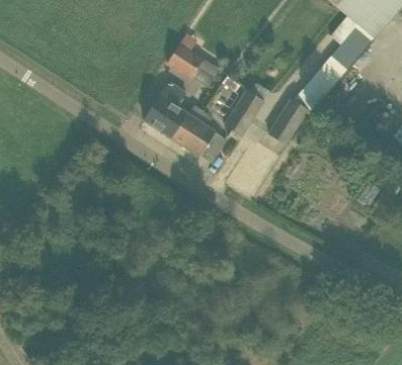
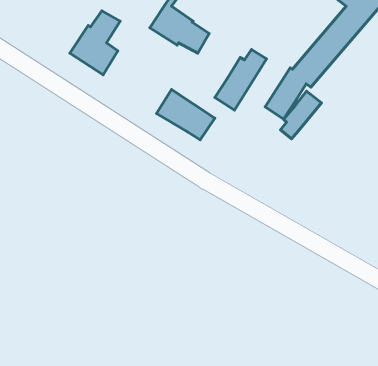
building: [144,81,188,138] -> [70,11,120,75]
building: none -> [281,91,321,139]

